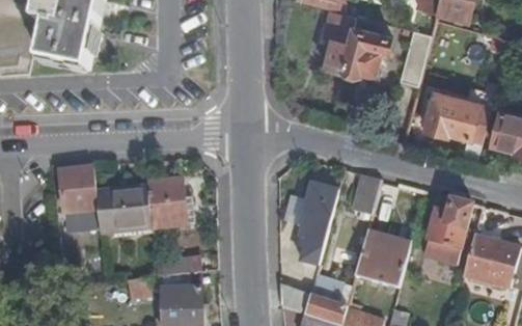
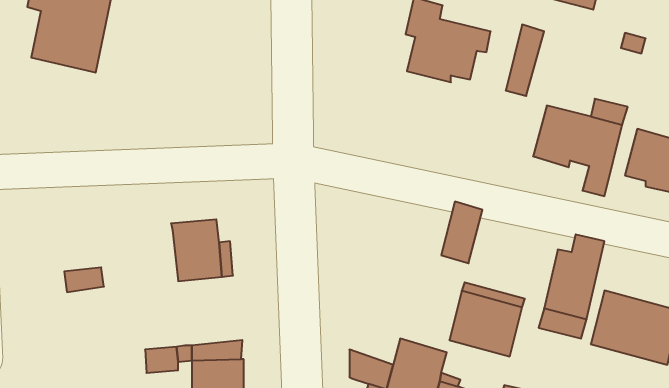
building: [58,167,95,212] -> none
building: [297,179,339,263] -> none
building: [104,189,149,234] -> none

